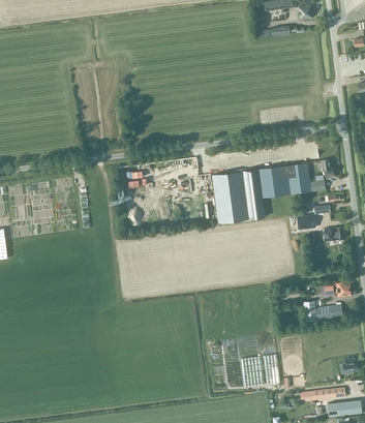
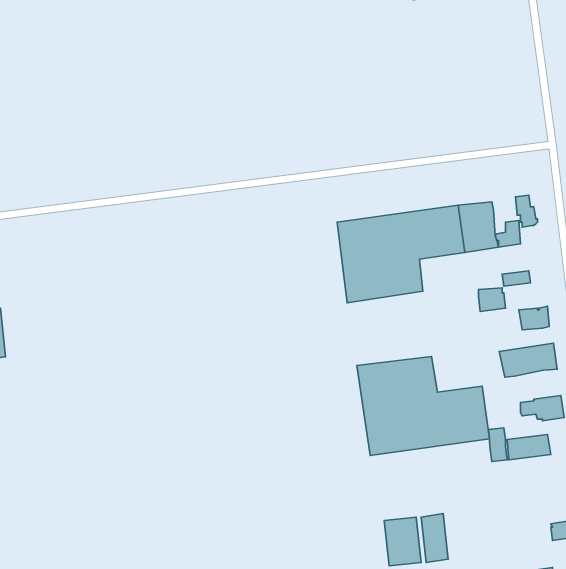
building: none -> [499,343,557,377]
building: none -> [357,357,489,456]

